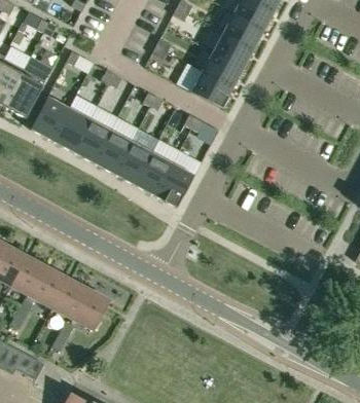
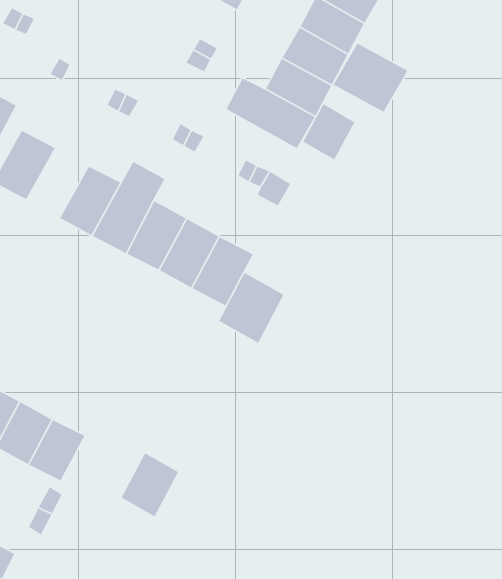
building: none -> [333,42,408,113]
building: none -> [302,103,356,161]
building: [50,94,97,151] -> none
building: none -> [218,272,285,344]
building: [72,288,109,329] -> [120,452,179,518]

